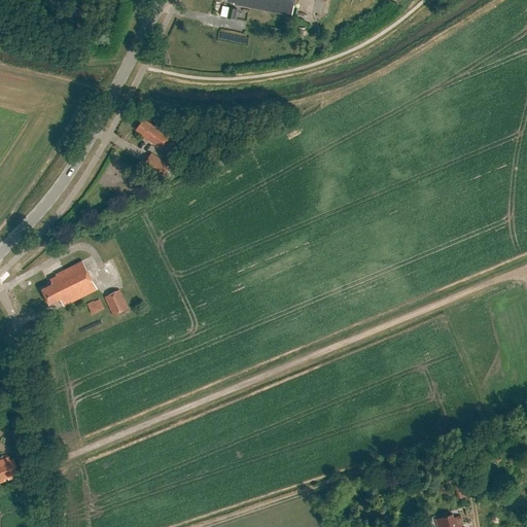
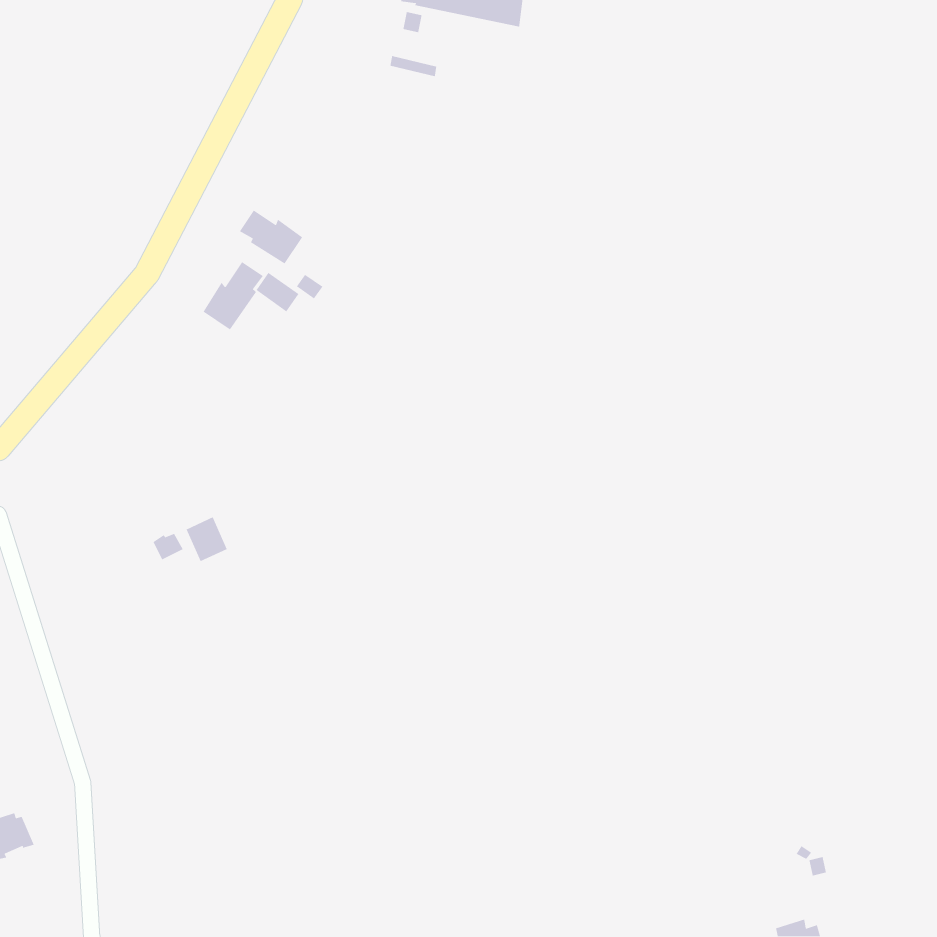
building: none -> [202,261,264,330]
building: [40,262,95,307] -> none

